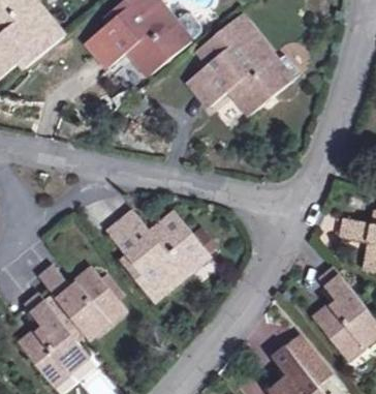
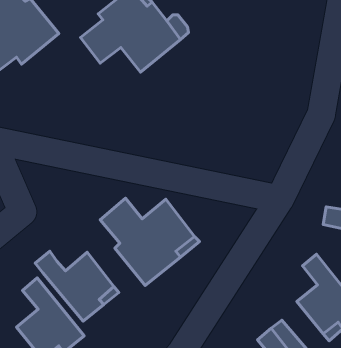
building: [187,14,301,115] -> none

